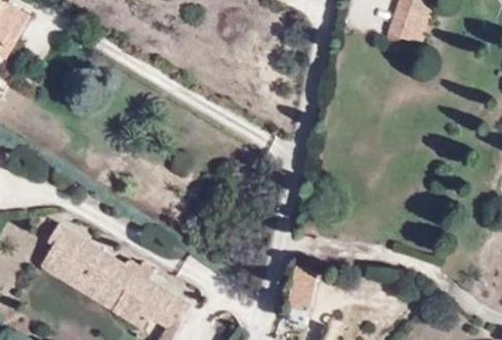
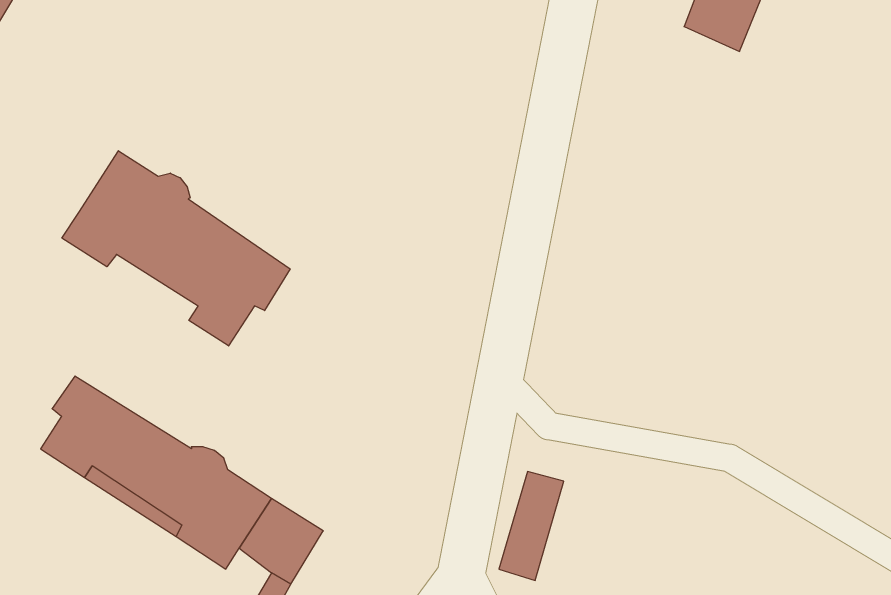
building: none -> [62,151,290,346]

